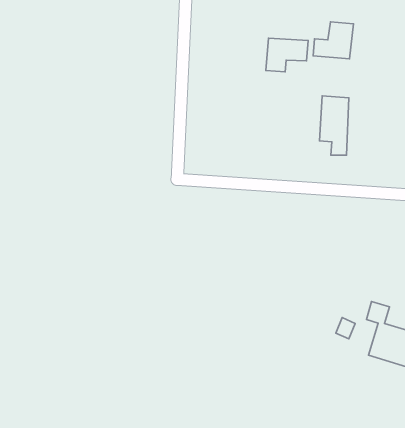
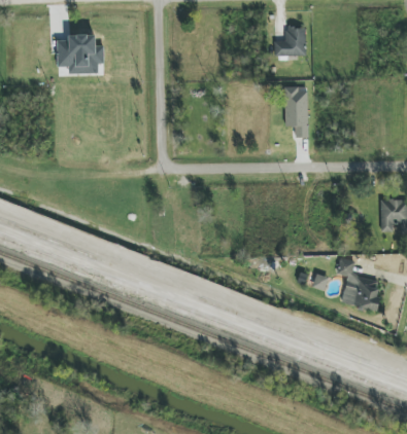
building: none -> [57,34,104,74]
building: [266,38,308,72] -> none

